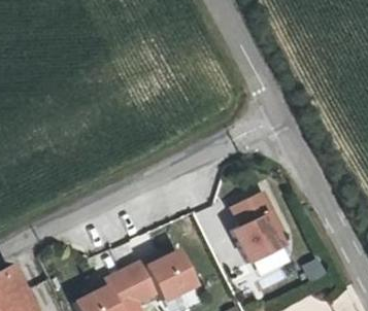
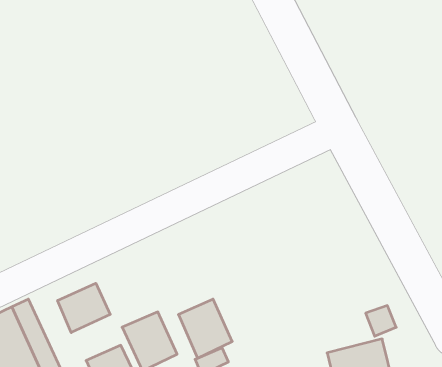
building: [226,187,290,265] -> none
building: none -> [58,283,110,333]

